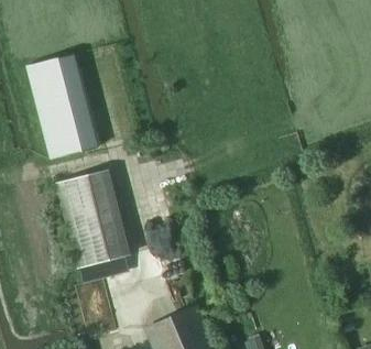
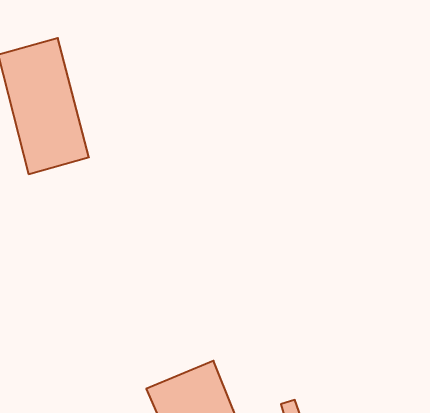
building: [57,168,127,266] -> none

